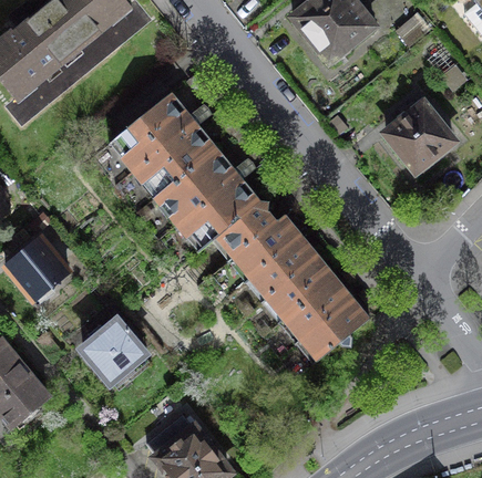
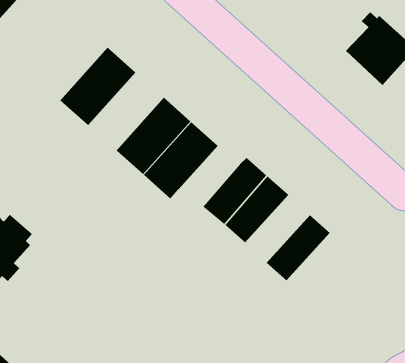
building: [137,124,212,194] -> none
building: [213,199,273,260] -> none
building: [267,259,331,319] -> none
building: [300,300,366,361] -> none
building: [84,321,144,383] -> none

